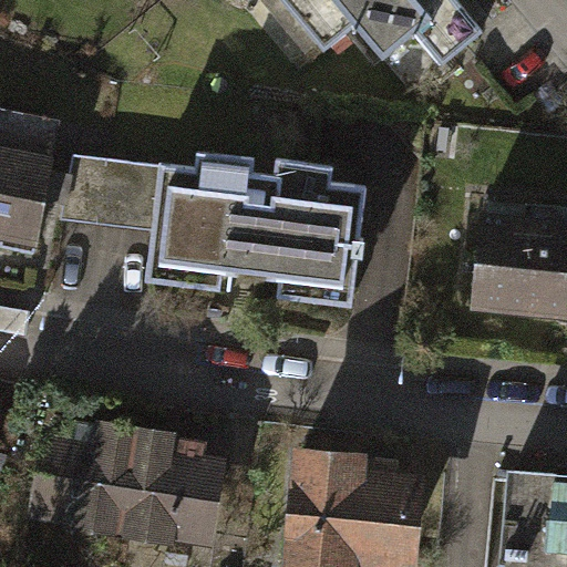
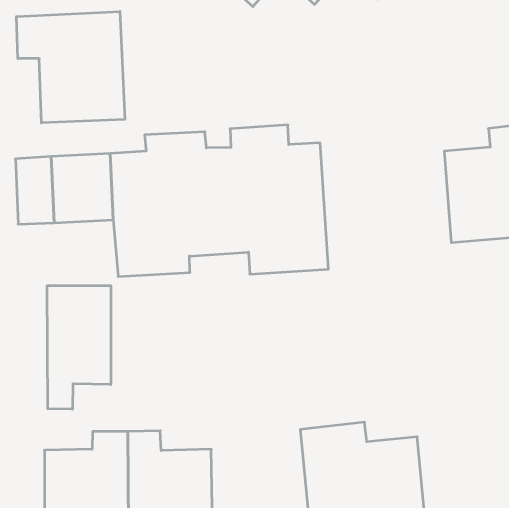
building: none -> [16,11,125,123]
building: none -> [47,286,111,409]

